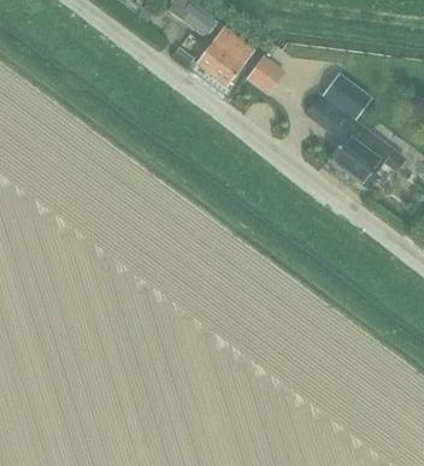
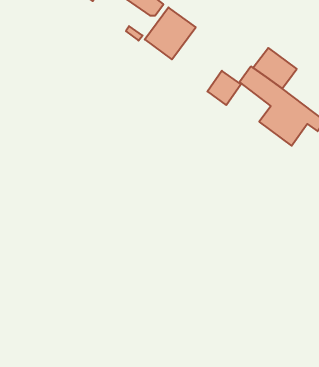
building: [247,55,285,95] -> [207,71,241,105]

